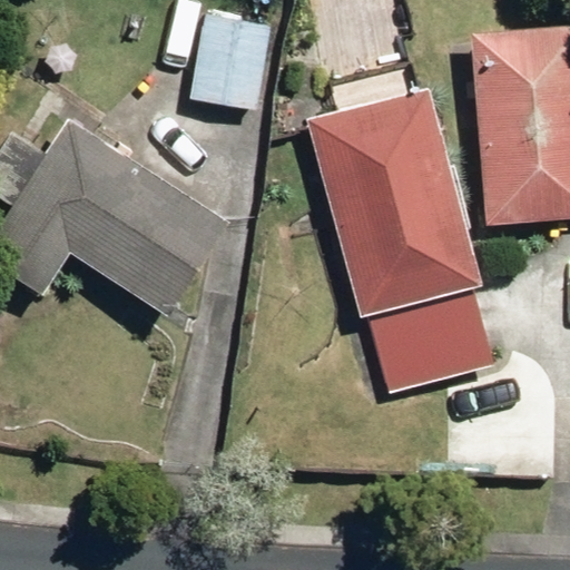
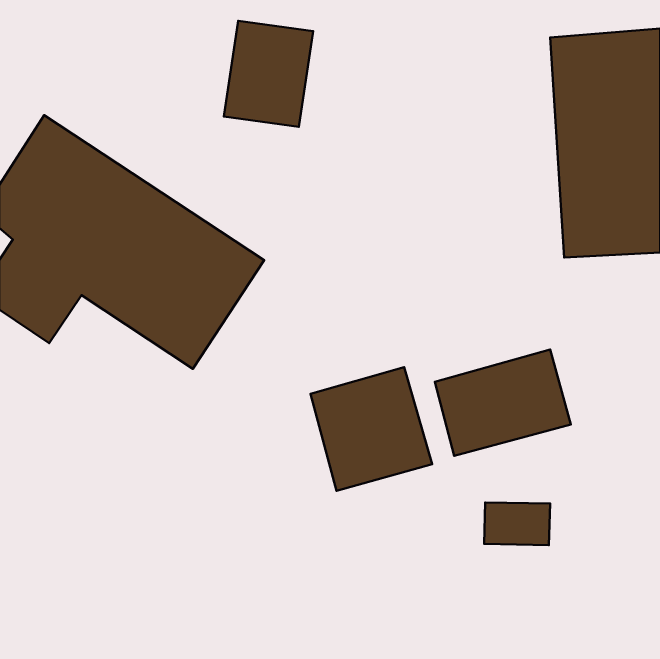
building: [308,89,482,315] -> none
building: none -> [310,367,432,491]

